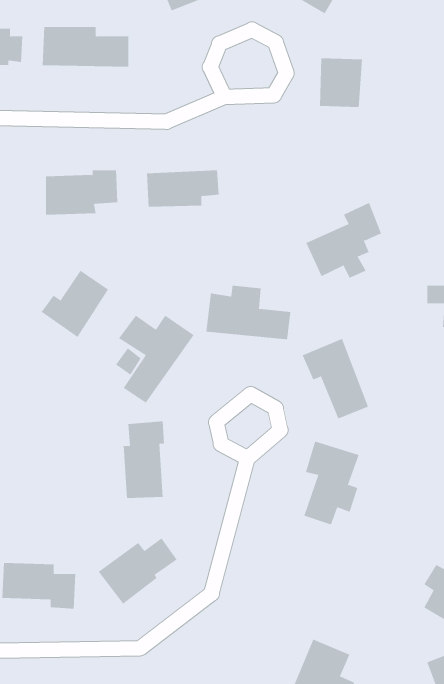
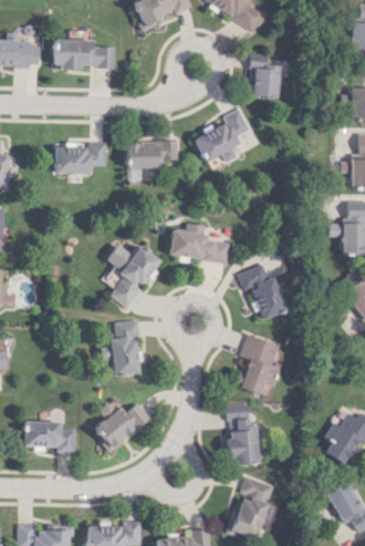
building: [306,202,382,279] -> [197,109,251,163]
building: [41,270,109,338] -> none
building: none -> [228,404,258,465]

